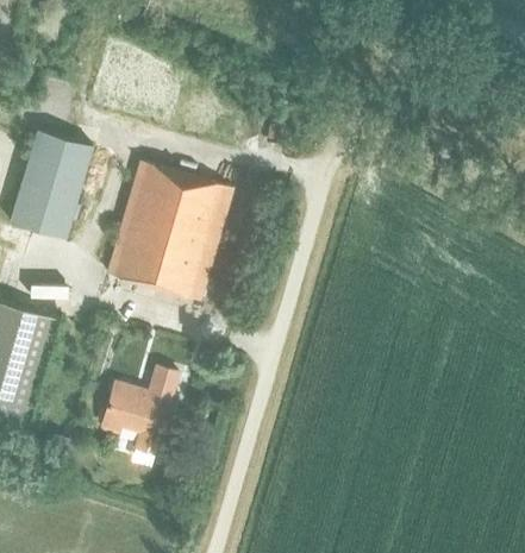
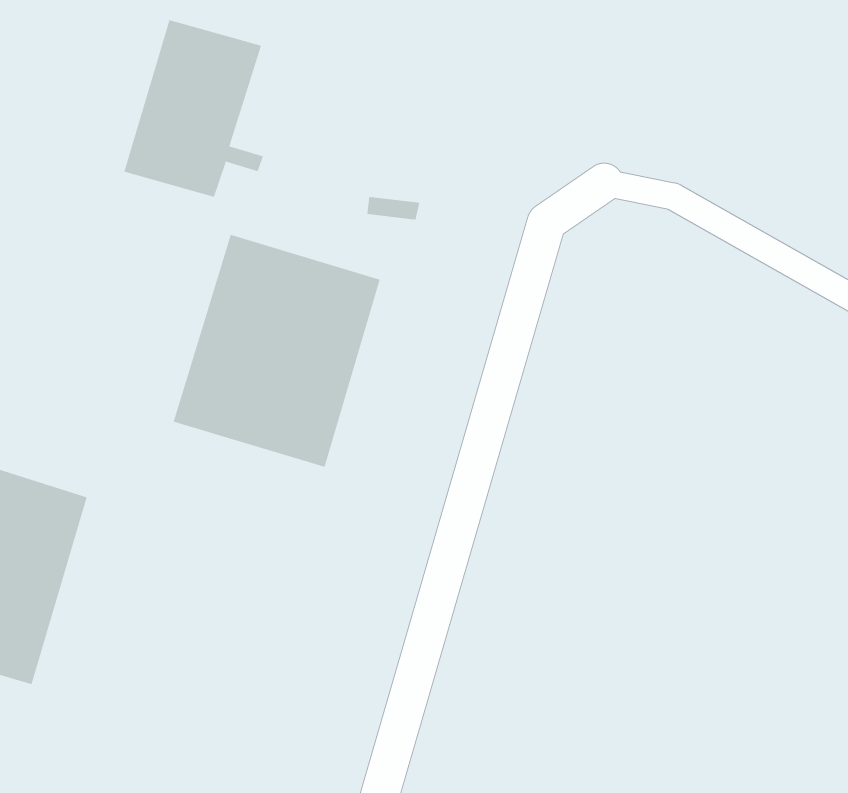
building: [10,131,94,238] -> [123,20,264,198]
building: [101,366,177,438] -> none

